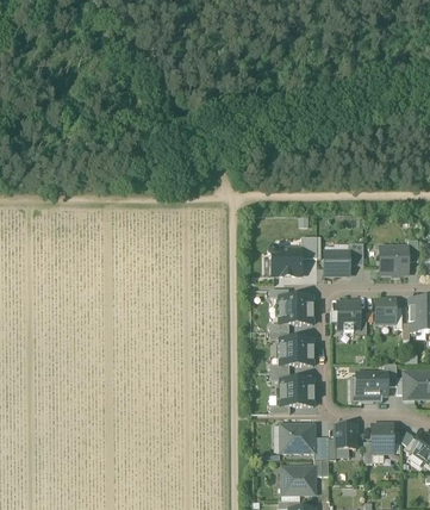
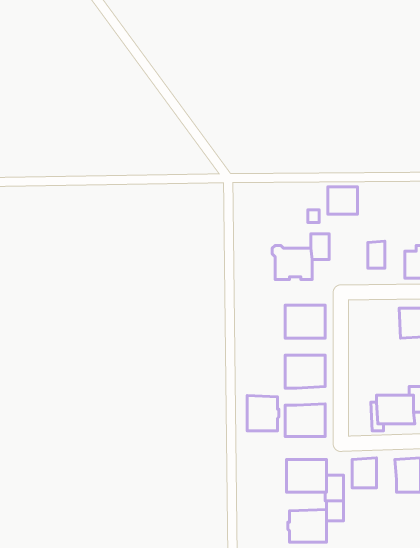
building: [324,251,349,274] -> [328,187,358,214]
building: [338,300,360,331] -> none
building: none -> [247,395,279,431]

